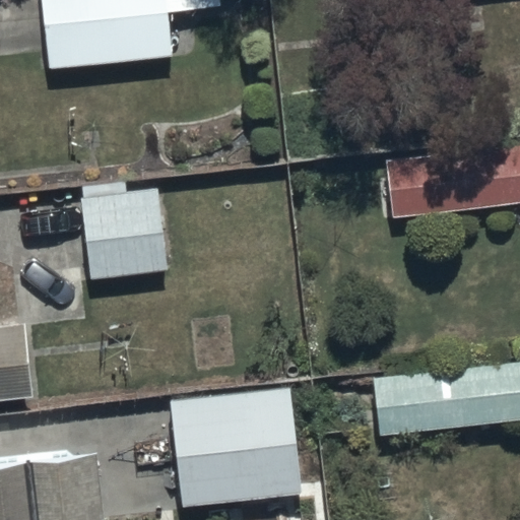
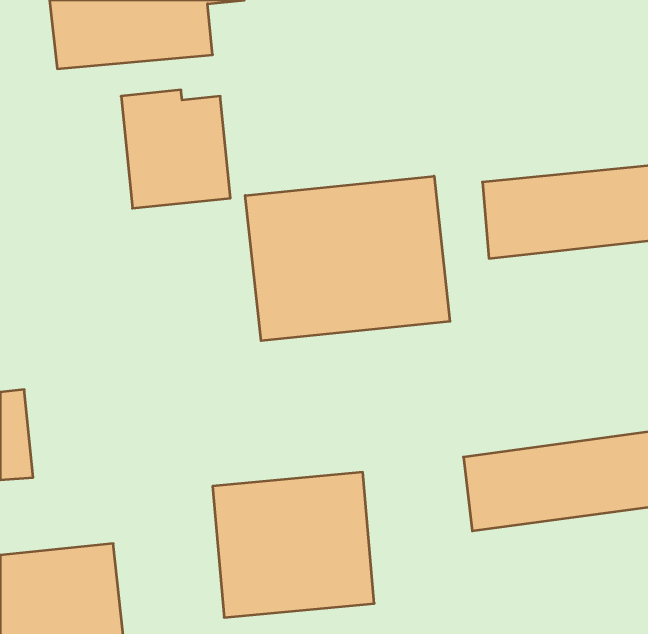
building: none -> [245,176,450,341]
building: [79,185,167,279] -> [121,90,230,208]

